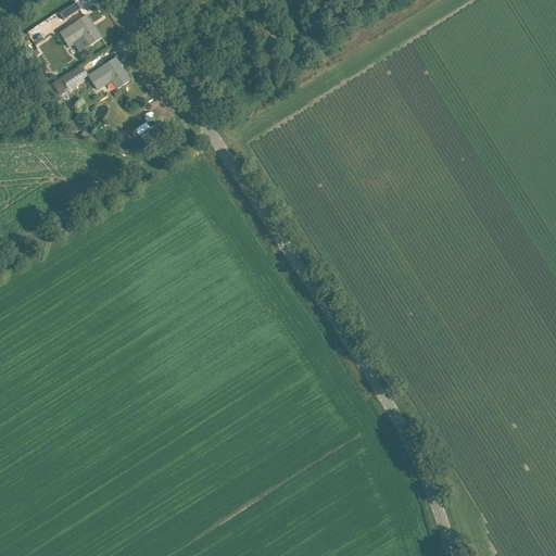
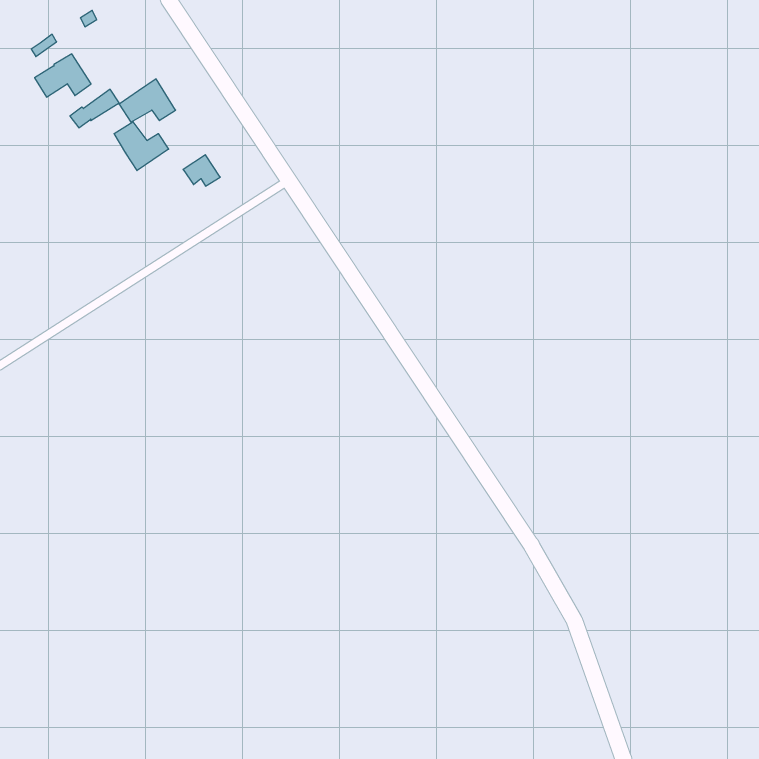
building: [59,15,100,47] -> [35,54,91,97]
building: none -> [114,122,169,171]

